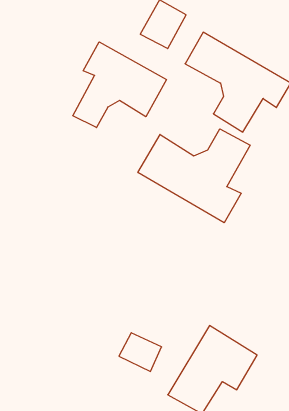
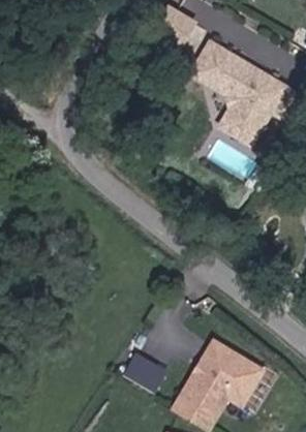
building: [73,42,166,128] -> none
building: [138,129,250,223] -> none

